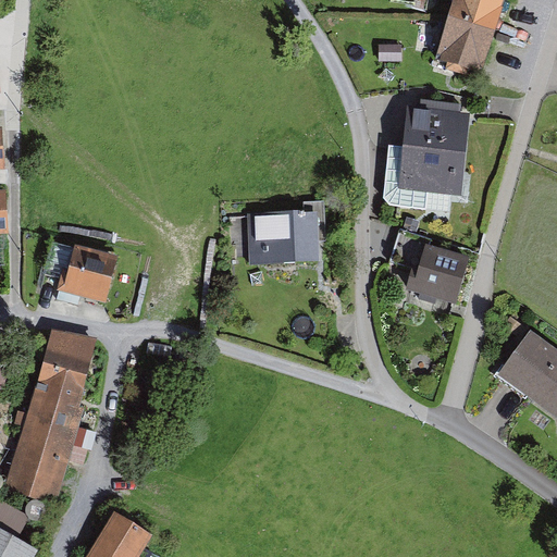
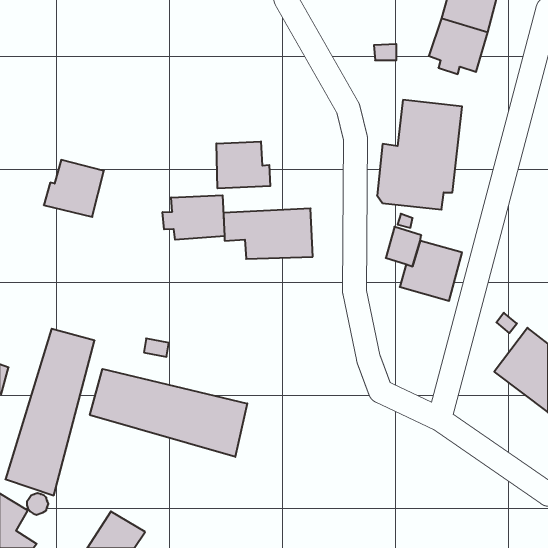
building: none -> [216,141,270,188]
building: none -> [163,195,224,240]
building: [57,245,117,302] -> [44,160,104,217]
building: none -> [90,369,247,457]

